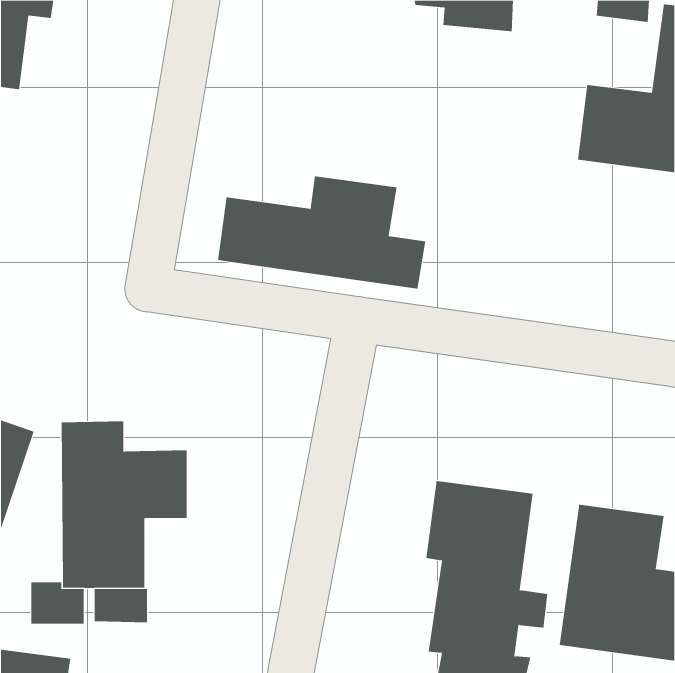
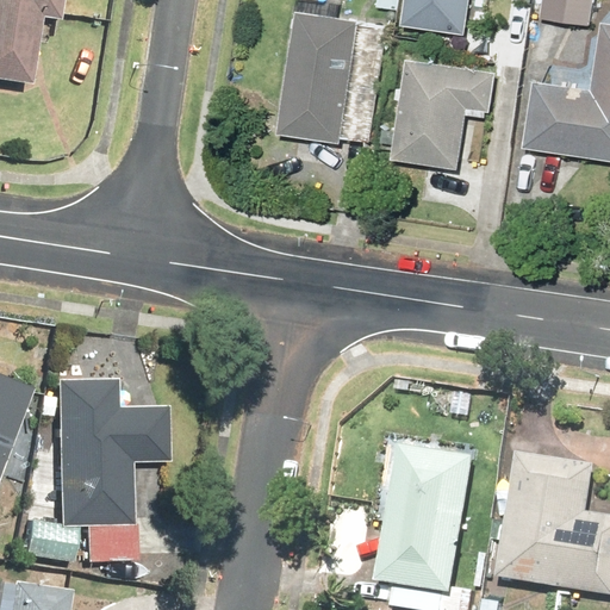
building: none -> [276,6,385,144]
building: none -> [388,56,493,166]
building: [218,175,426,289] -> none

